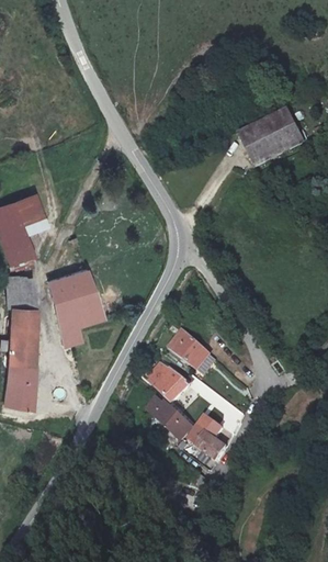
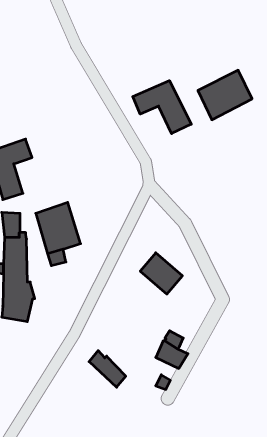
building: none -> [133,81,191,134]
building: [157,360,190,403] -> none
building: [149,398,193,442] -> [89,351,126,387]

